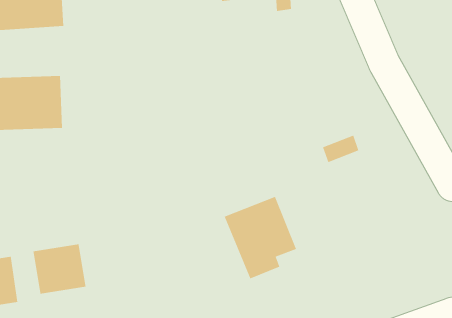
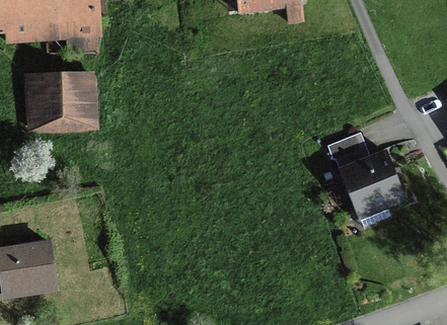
building: [224,196,297,279] -> [339,151,404,226]
building: [33,244,86,295] -> none

